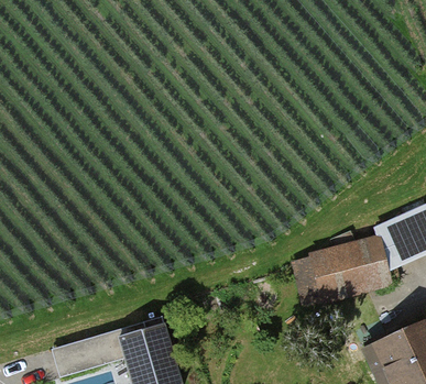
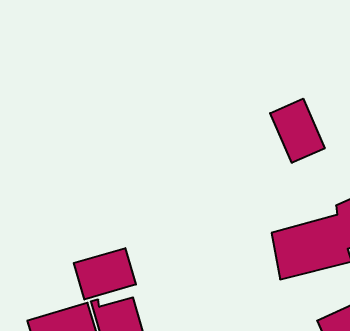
building: none -> [270,99,325,163]
building: none -> [74,248,136,300]

